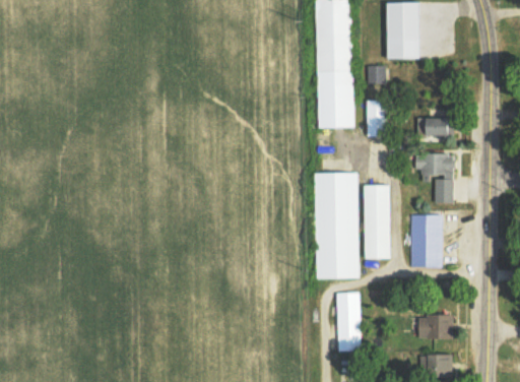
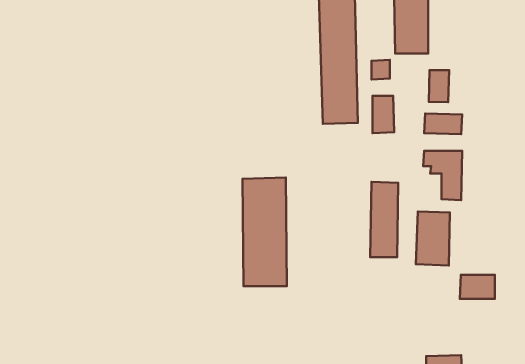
building: none -> [429,70,449,102]
building: [315,172,359,278] -> [243,178,287,286]
building: [336,292,361,351] -> none
building: [419,315,454,338] -> [460,275,495,299]

